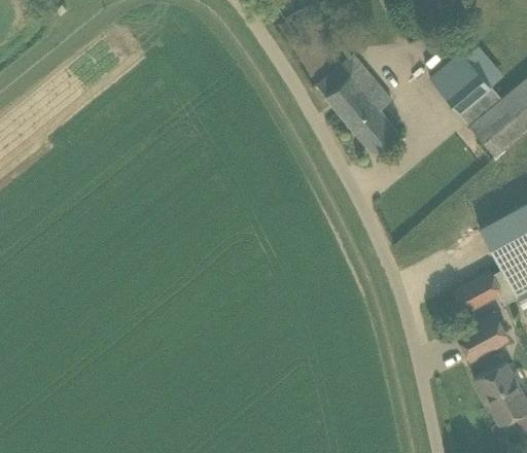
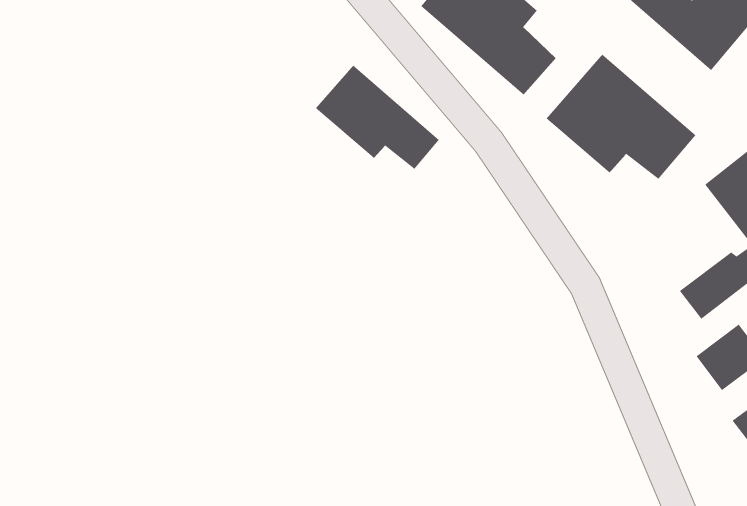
building: none -> [315,65,440,170]
building: none -> [546,54,696,180]

